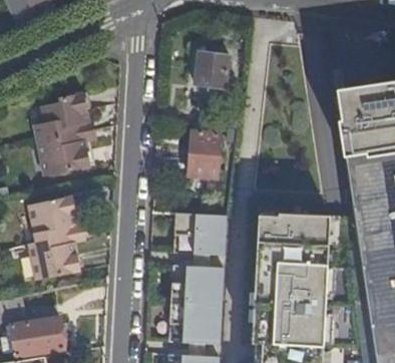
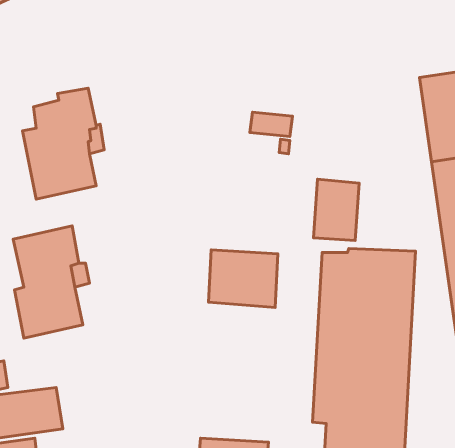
building: [195,52,231,87] -> none
building: [189,131,224,177] -> [314,179,359,240]
building: [171,266,227,345] -> none

